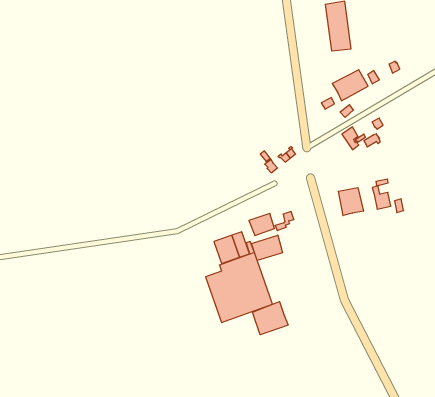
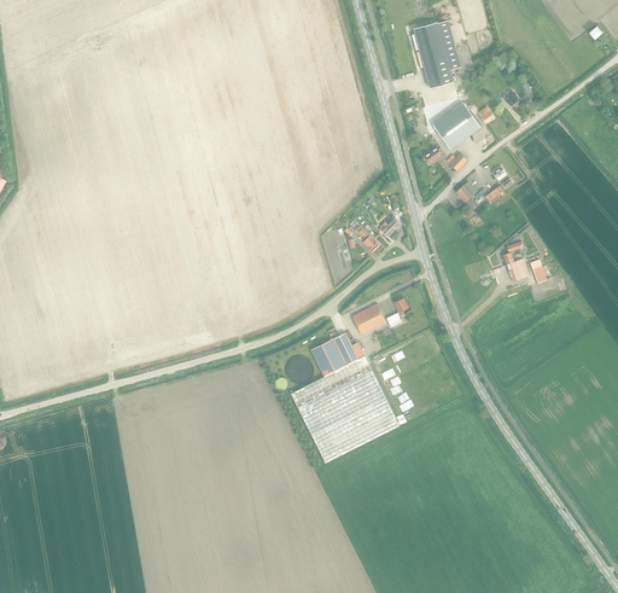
building: [338,188,363,216] -> none
building: [252,235,282,260] -> none
building: [253,302,288,335] -> none

